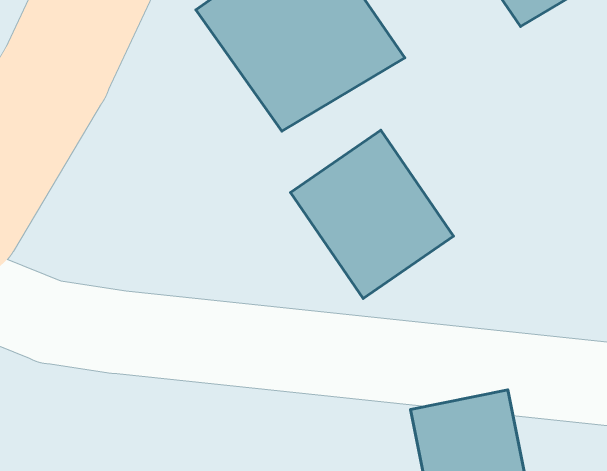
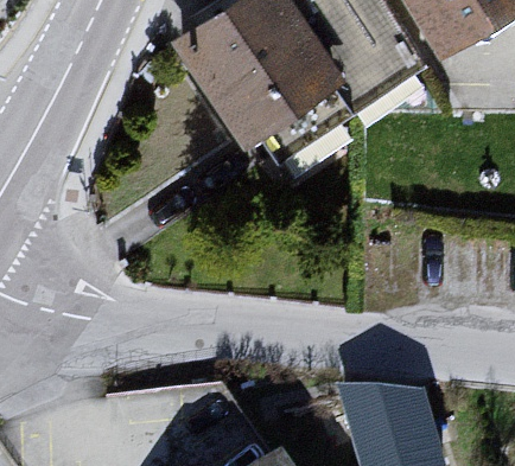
building: [291,130,454,298] -> none

